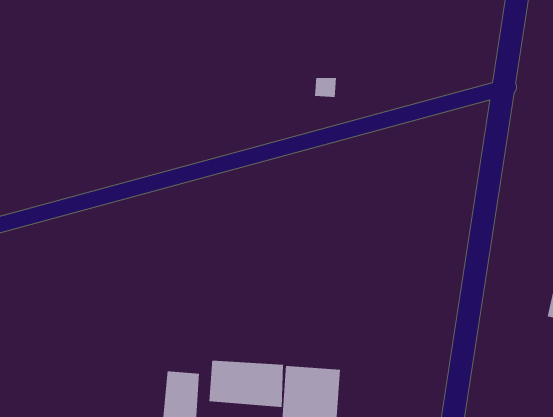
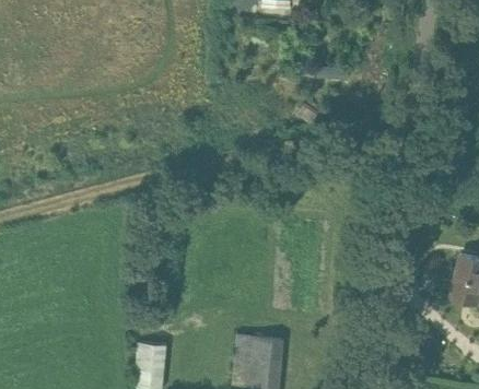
building: [209,360,284,408] -> none

